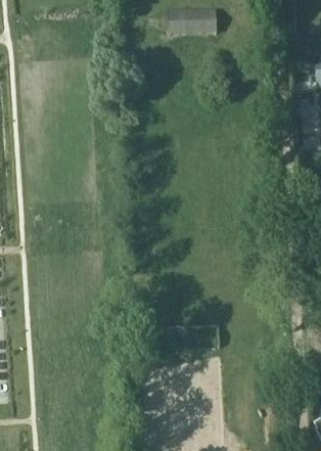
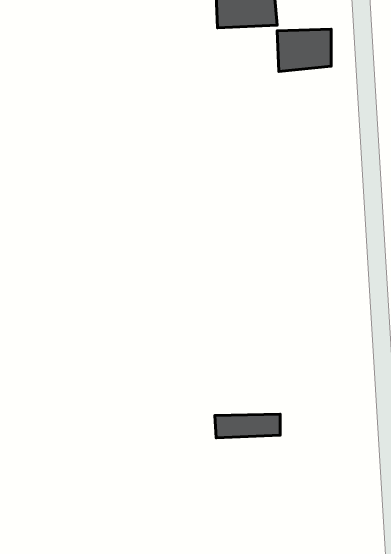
building: none -> [277,29,331,71]

